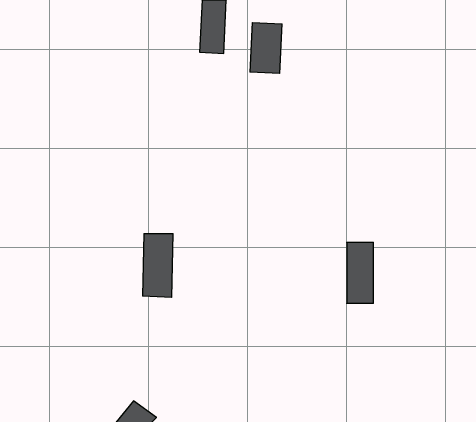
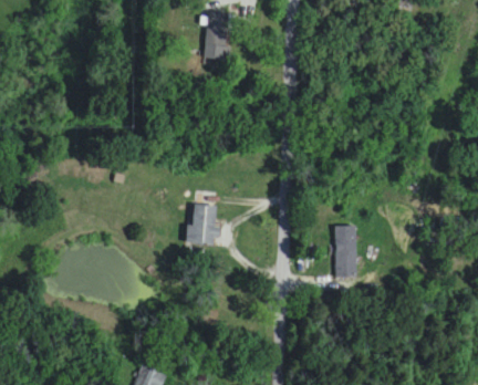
building: [250,23,282,73] -> none
building: [143,234,173,297] -> [190,190,217,246]

